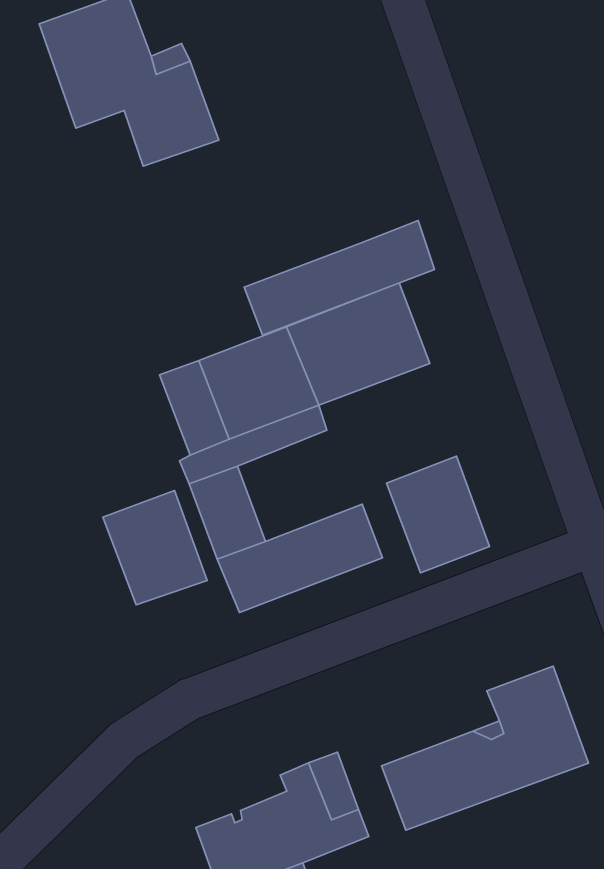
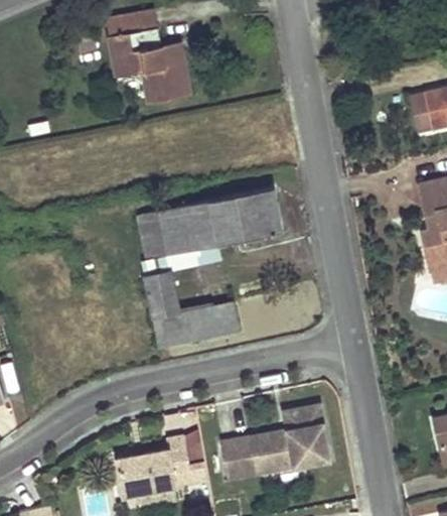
building: [244,220,435,335] -> none
building: [386,456,489,573] -> none
building: [103,491,207,605] -> none

